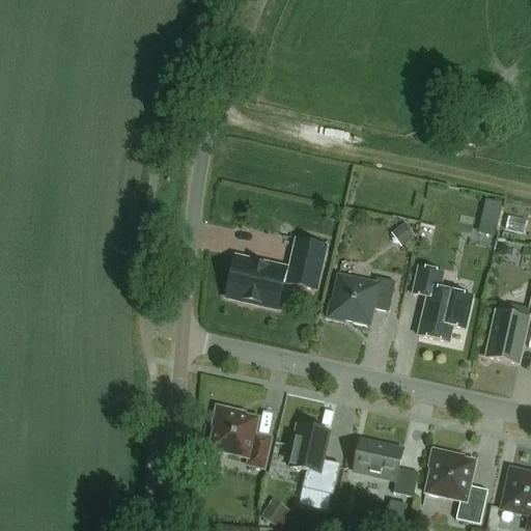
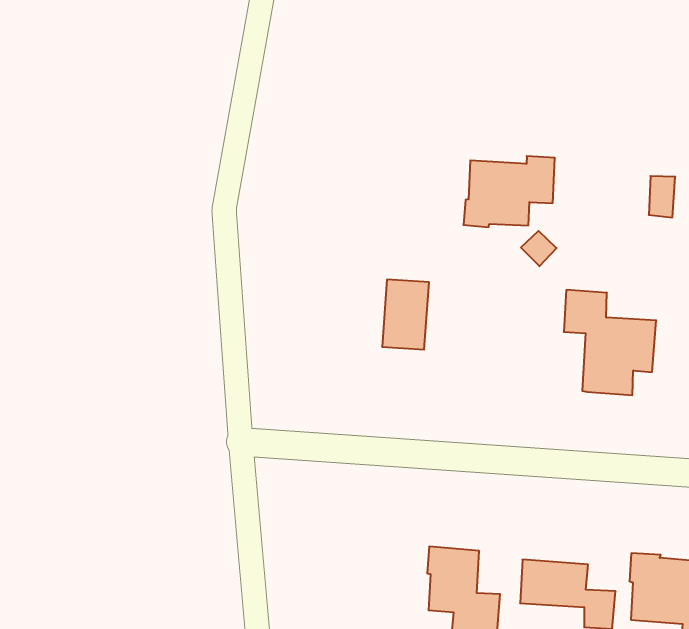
building: [225,257,285,306] -> none
building: [328,273,396,323] -> [463,156,555,227]
building: [208,402,272,466] -> none

